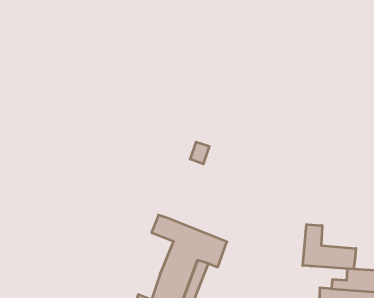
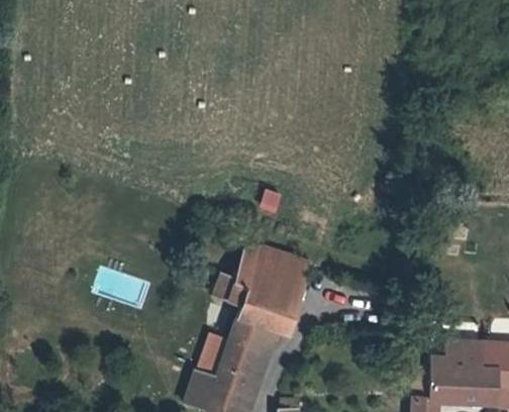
building: none -> [232,240,317,307]
building: [303,224,356,269] -> none

